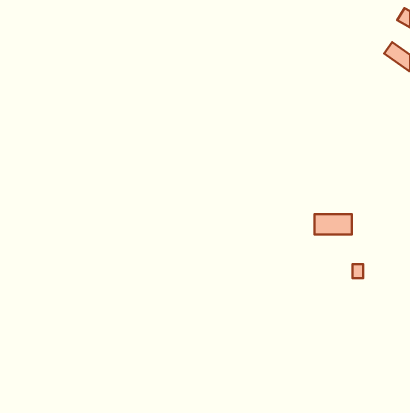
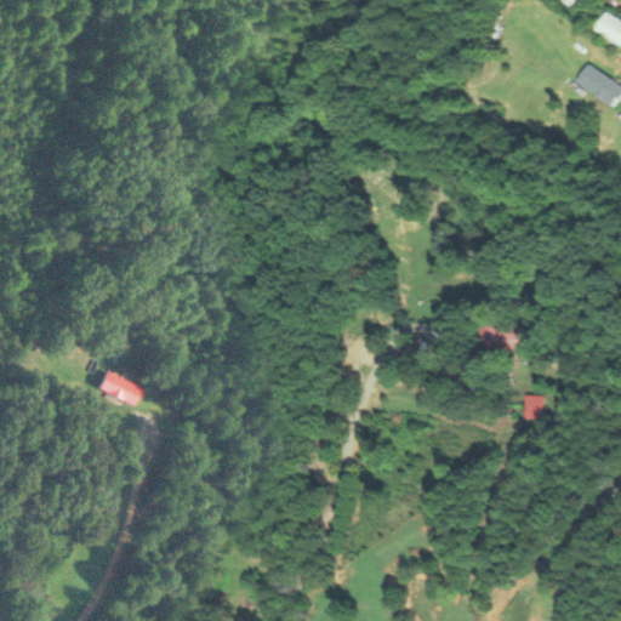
building: none -> [96,371,137,406]

